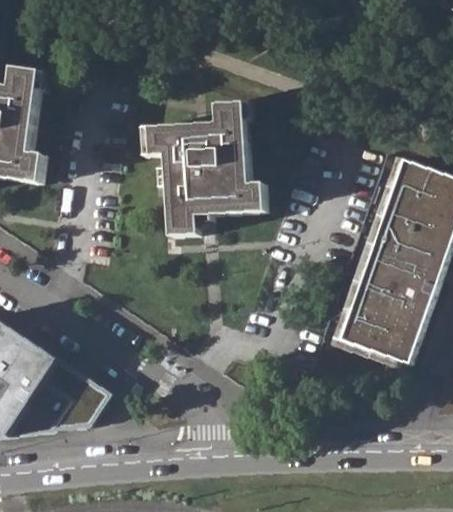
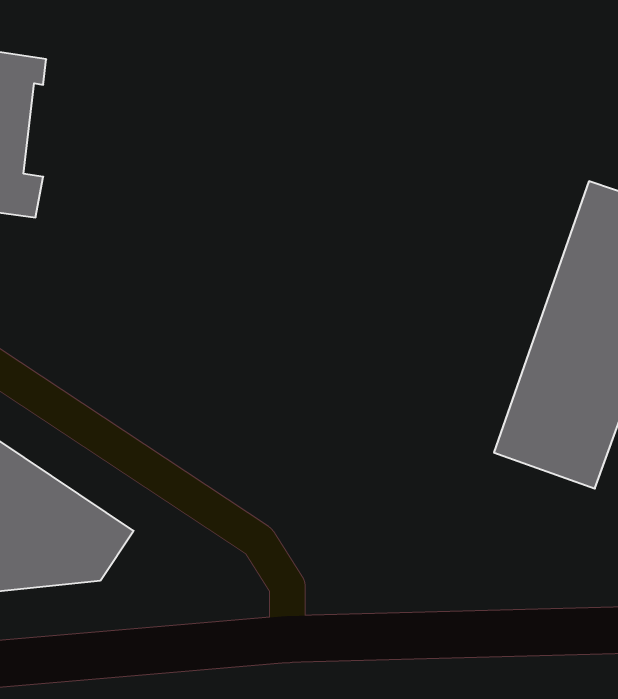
building: [137,103,262,236] -> none

